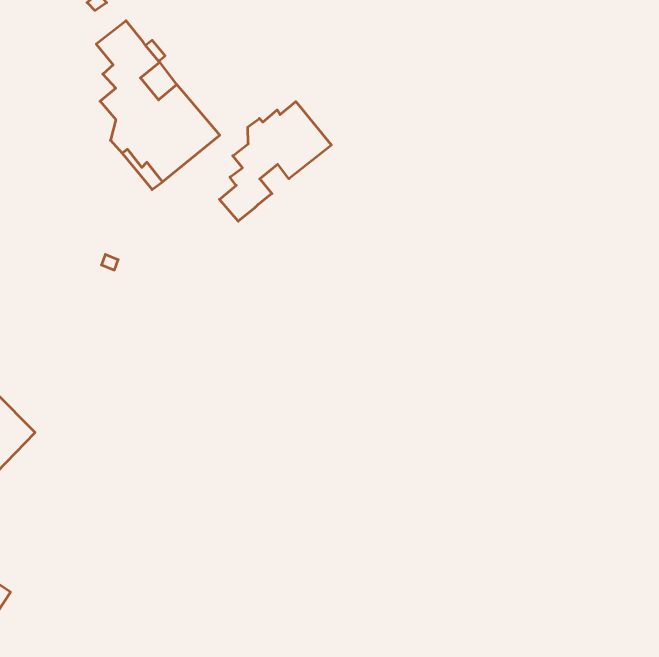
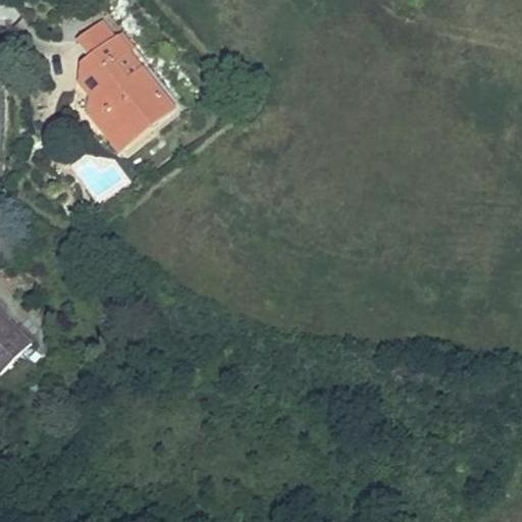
building: [219,102,331,221] -> none

